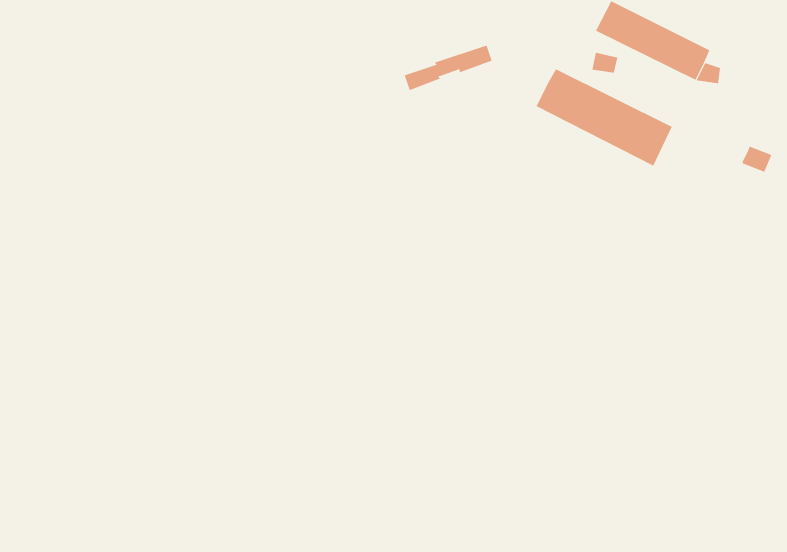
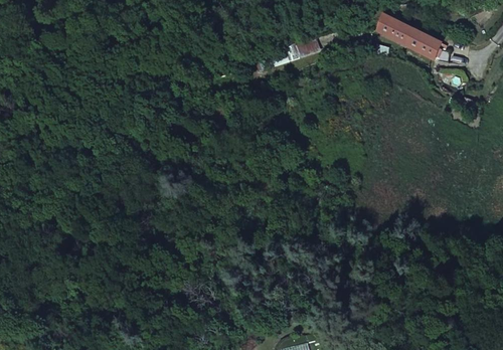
building: [536,68,672,166] -> none

